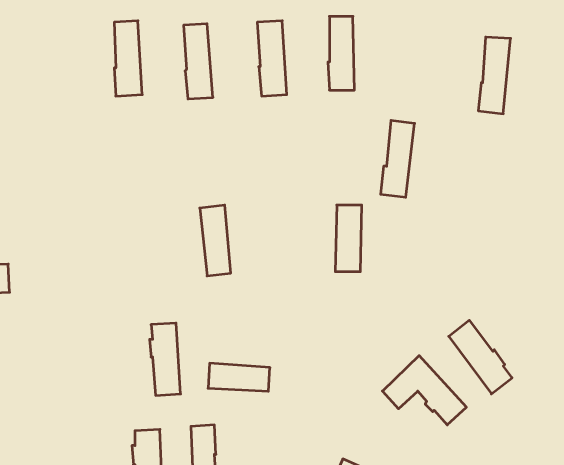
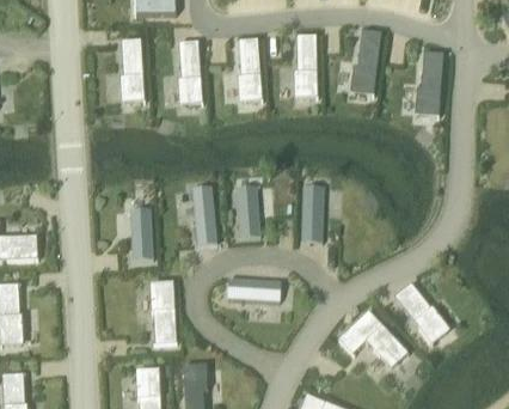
building: [381,120,415,197] -> [352,30,380,92]
building: none -> [235,188,259,237]
building: none -> [130,210,153,258]
building: [208,363,270,391] -> [227,277,277,300]

